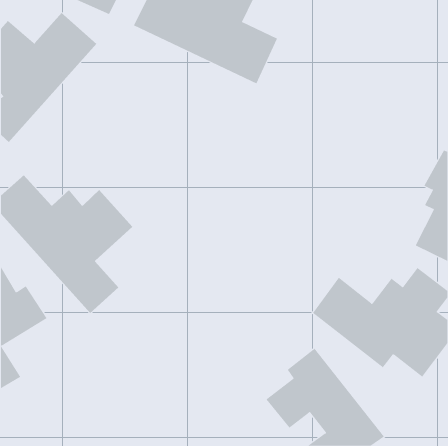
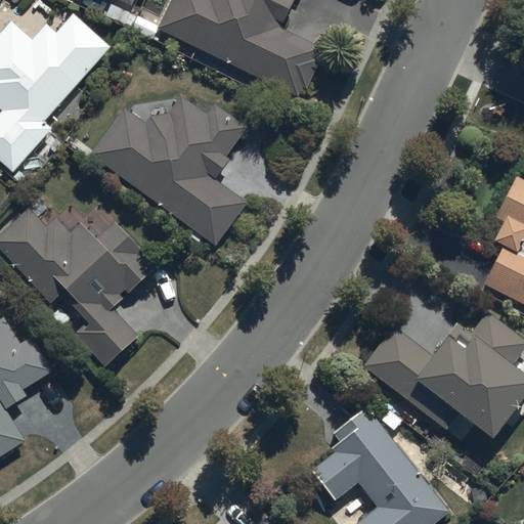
building: none -> [89,89,247,245]

